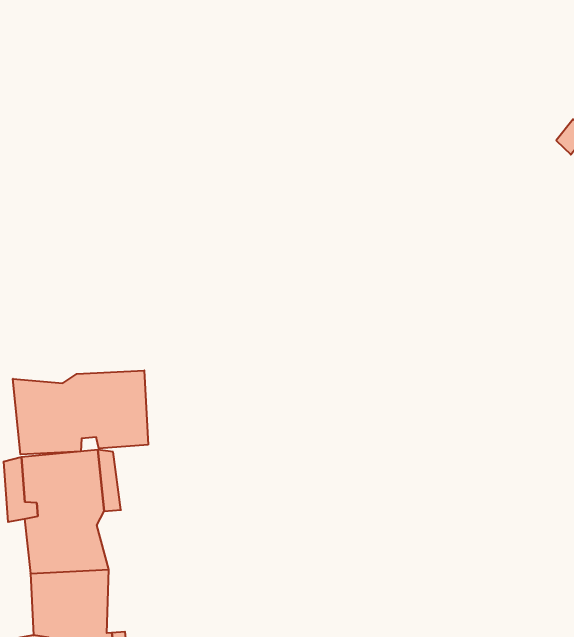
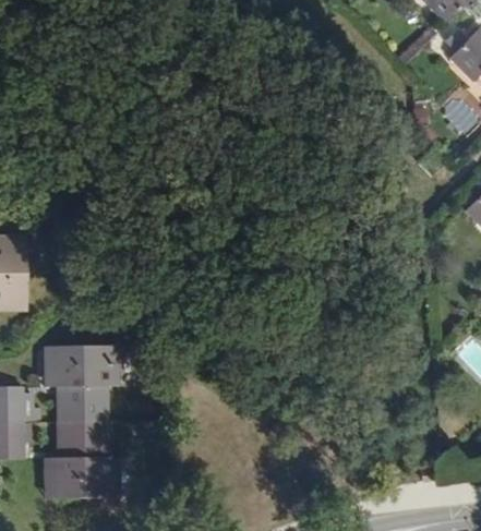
building: [13,370,148,454] -> none

